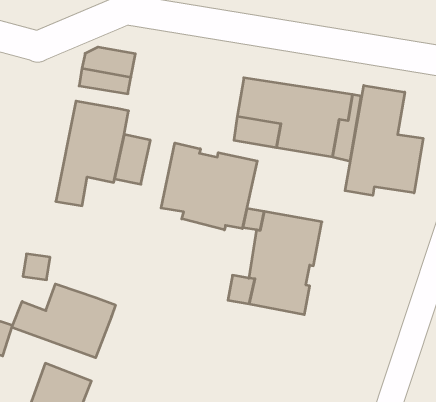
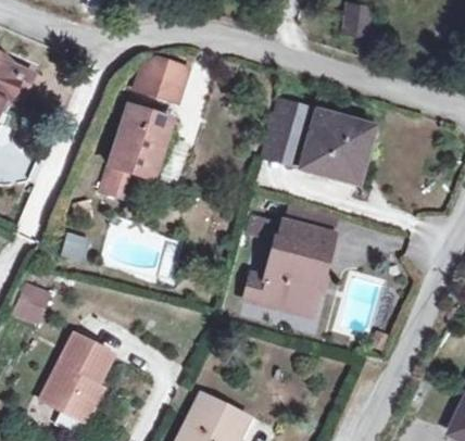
building: [345,85,423,195] -> none
building: [161,143,257,230] -> none
building: [12,284,115,358] -> none

